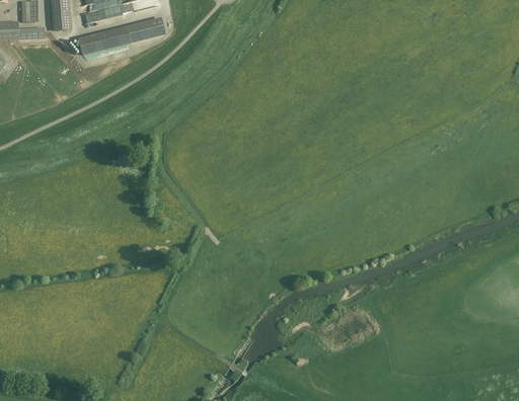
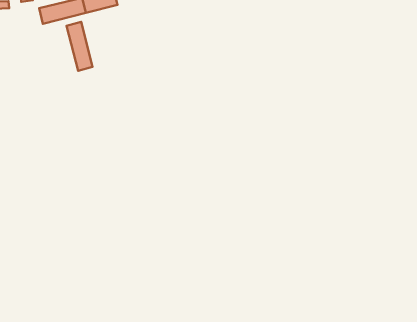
building: none -> [67,22,93,71]

